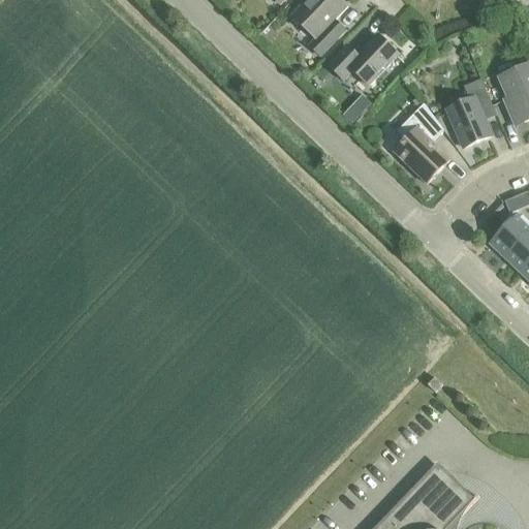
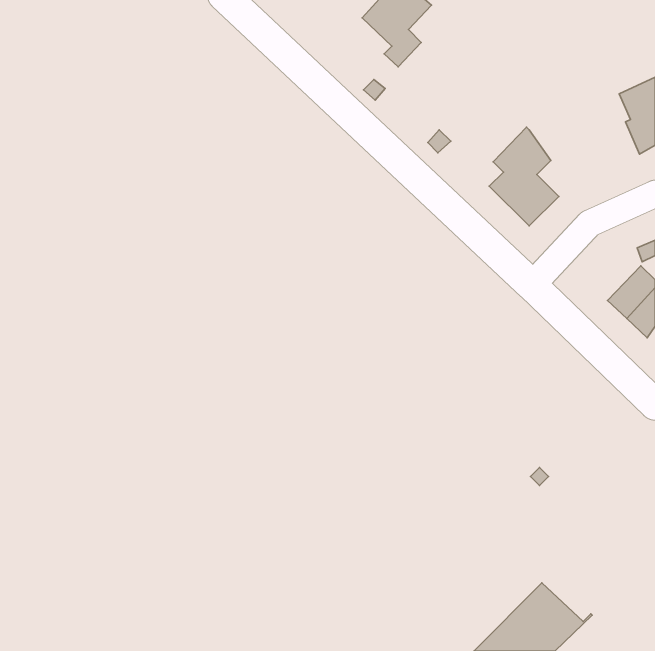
building: [328,32,397,84] -> none
building: [446,77,492,146] -> none

